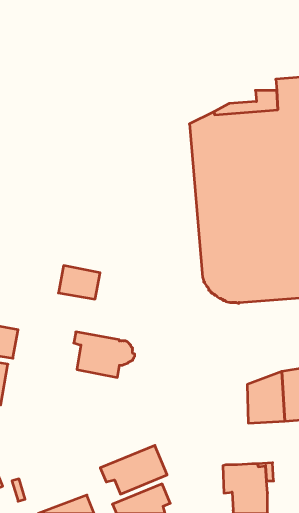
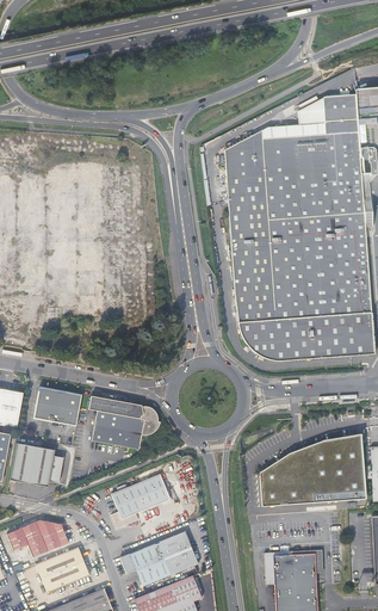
building: [58,266,100,299] -> [33,385,82,425]
building: none -> [10,443,63,486]
building: none -> [261,457,293,505]
building: none -> [111,473,169,526]
building: none -> [7,518,69,556]
building: none -> [36,547,89,591]

